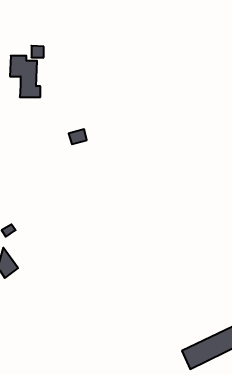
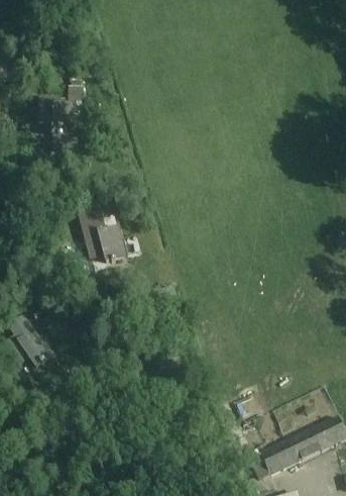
building: none -> [80,204,126,261]

